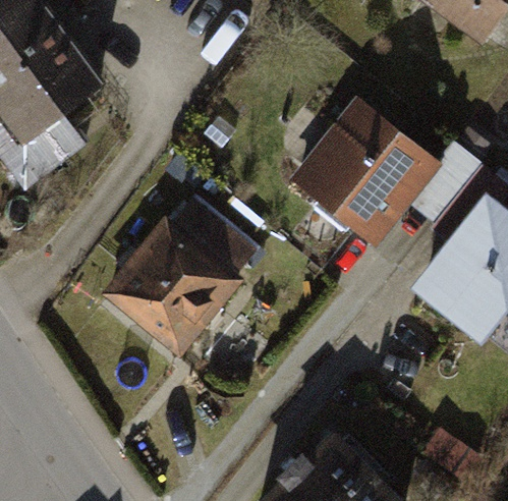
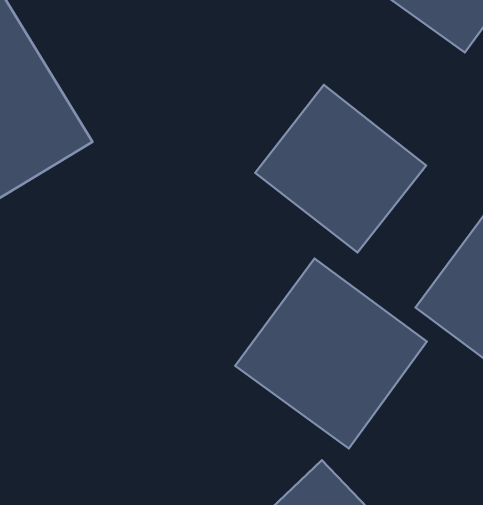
building: [112,204,256,354] -> none
building: none -> [235,258,427,448]

